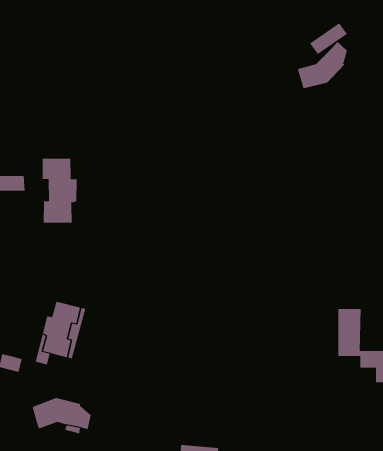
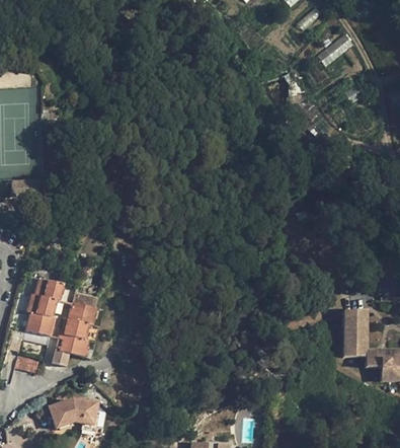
building: [297,41,347,89] -> none
building: [42,158,77,224] -> none
building: none -> [26,278,65,335]

